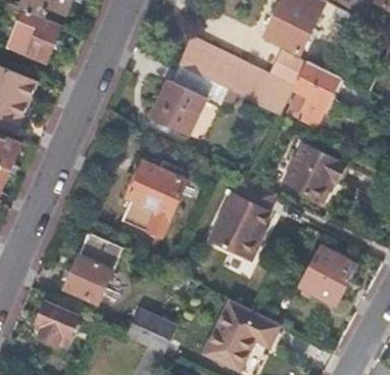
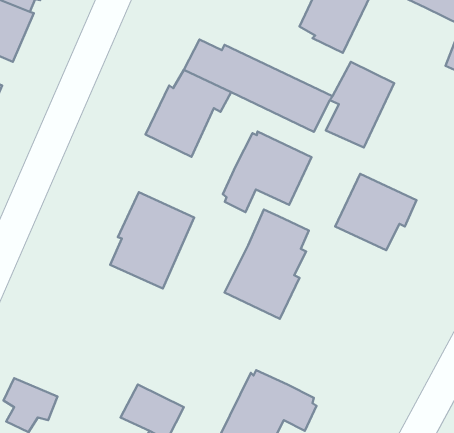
building: none -> [223,131,312,212]
building: [65,231,124,302] -> none
building: [302,244,358,300] -> none

